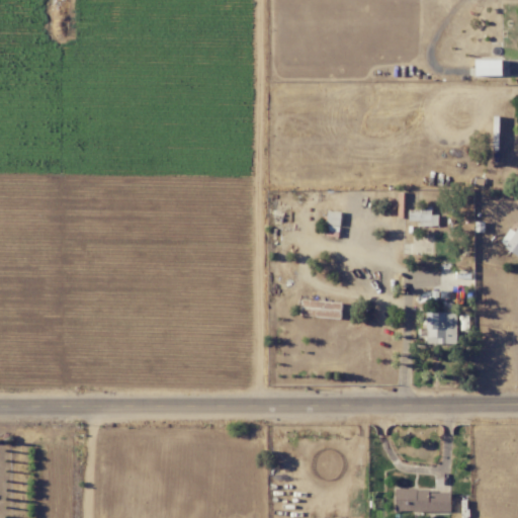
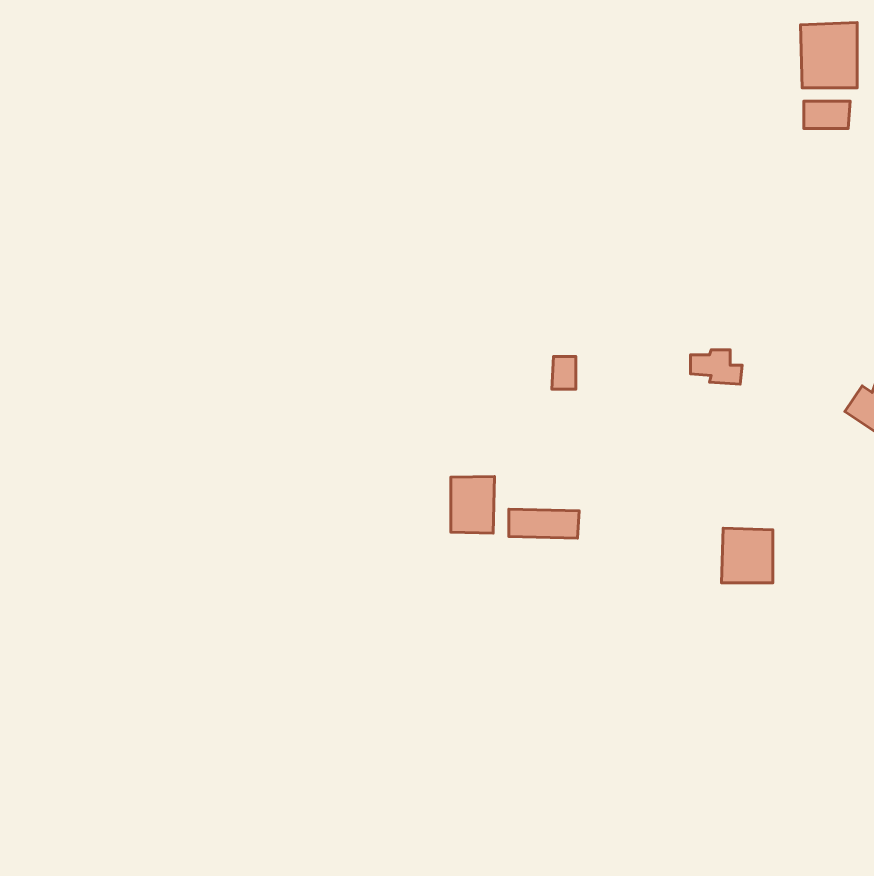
building: none -> [800,23,857,88]
building: none -> [451,477,495,533]
building: [396,489,451,512] -> none

